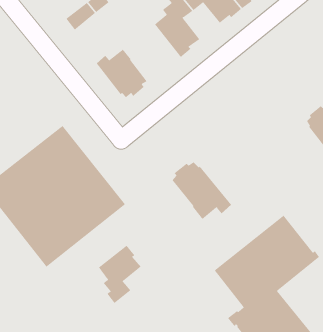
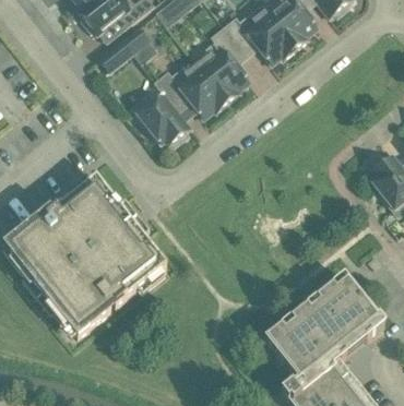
building: none -> [156,61,227,115]
building: [172,162,232,220] -> none
building: [98,245,142,304] -> none

